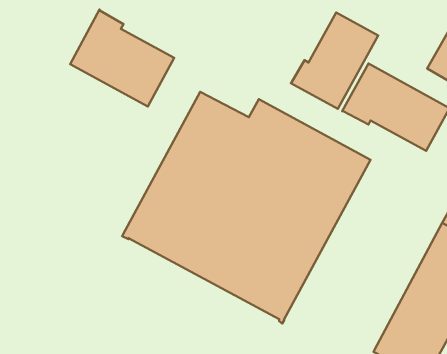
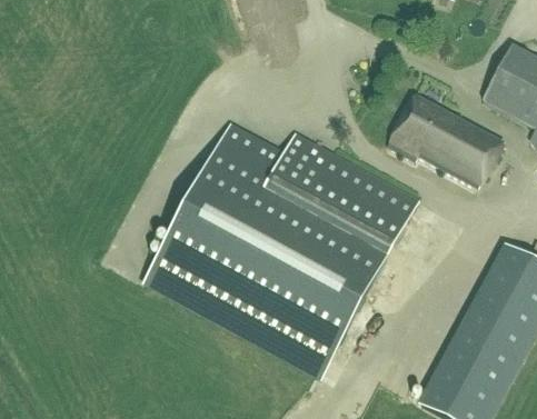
building: [70,10,174,107] -> none
building: [291,12,378,109] -> none

